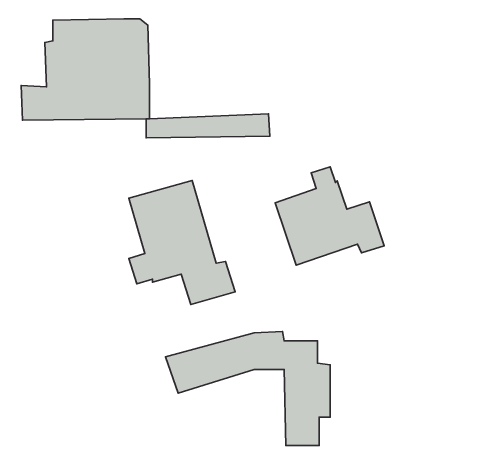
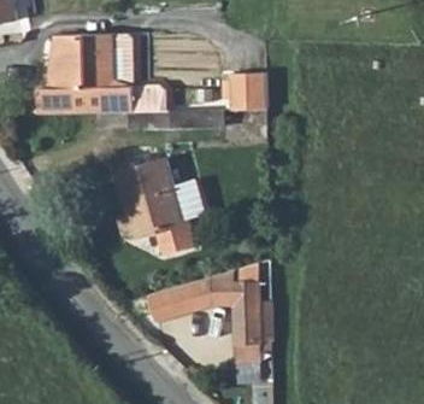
building: none -> [231,72,267,109]
building: [275,167,384,265] -> none

